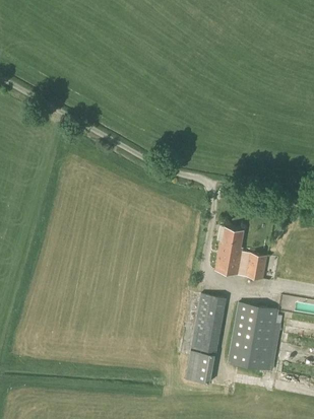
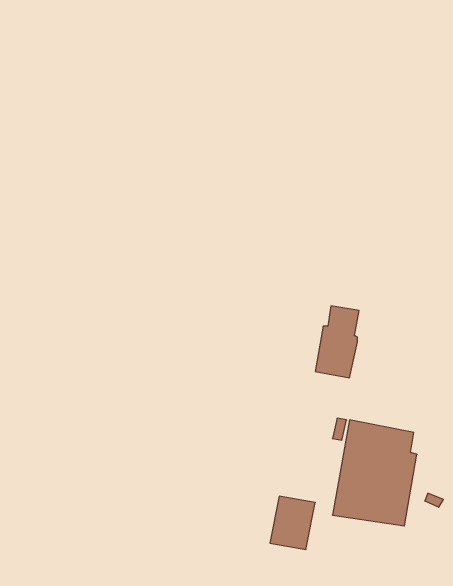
building: [246,253,266,279] -> none
building: [190,293,226,353] -> none

